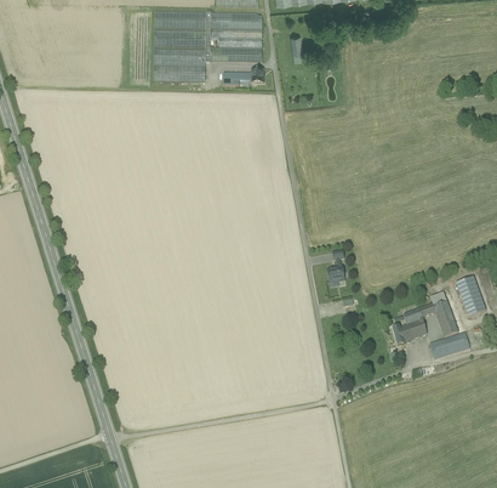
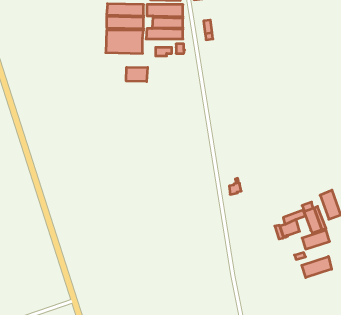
building: none -> [126,67,148,82]
building: none -> [302,256,332,278]

